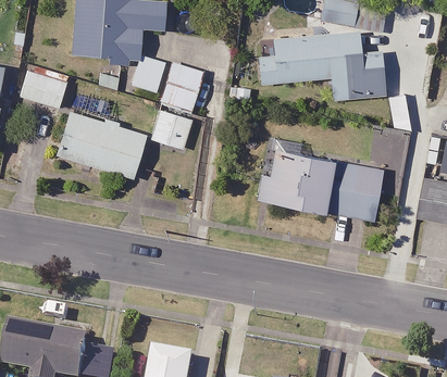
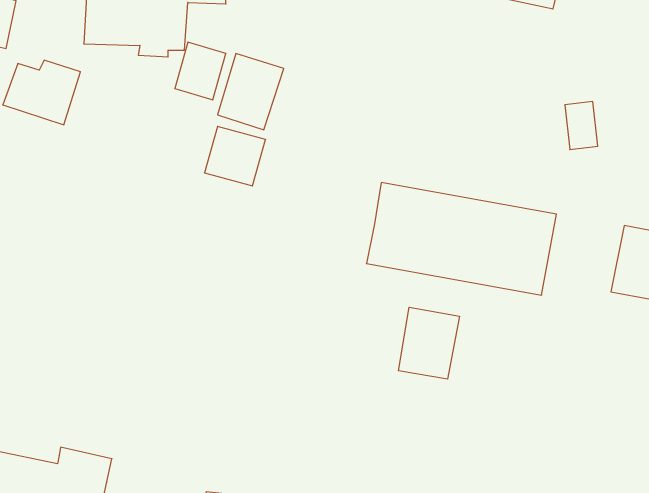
building: [258,30,385,98] -> none
building: [54,110,145,185] -> none
building: none -> [399,307,459,379]

